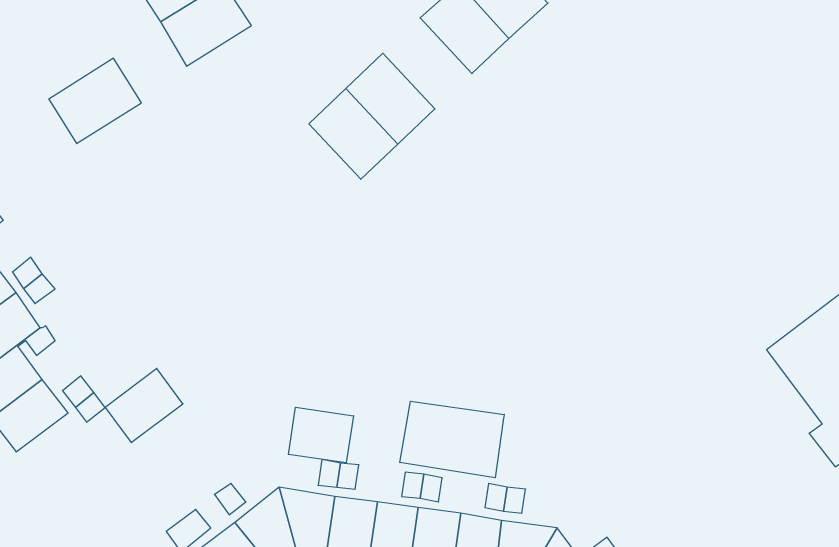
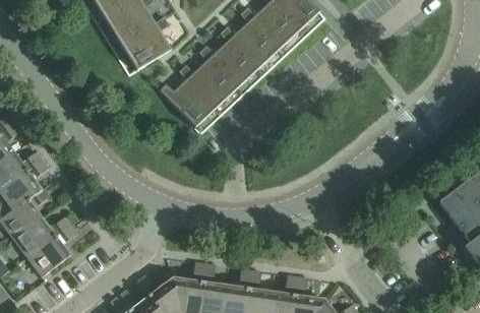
building: none -> [229,20,278,70]
building: [49,58,141,144] -> [121,24,172,71]
building: none -> [167,78,217,128]
building: [105,368,183,443] -> [27,237,70,277]
building: [400,401,504,478] -> none
building: [288,407,354,463] -> none

